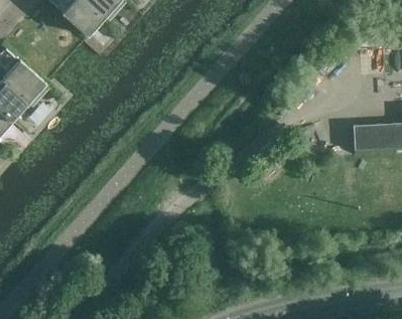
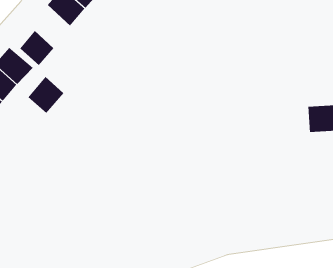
building: none -> [19,30,54,66]
building: none -> [28,76,64,114]

